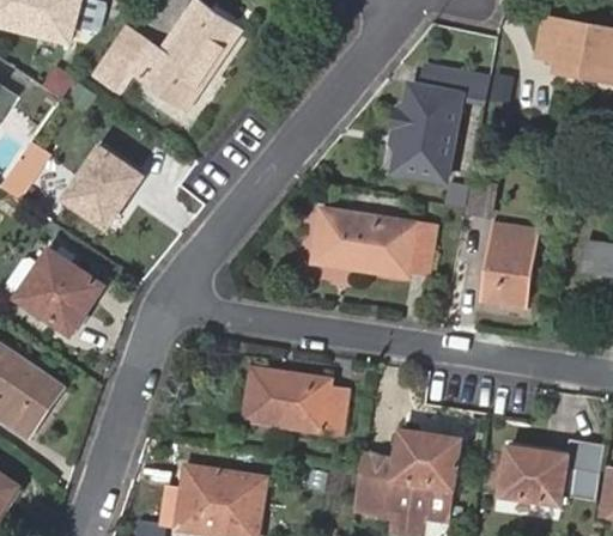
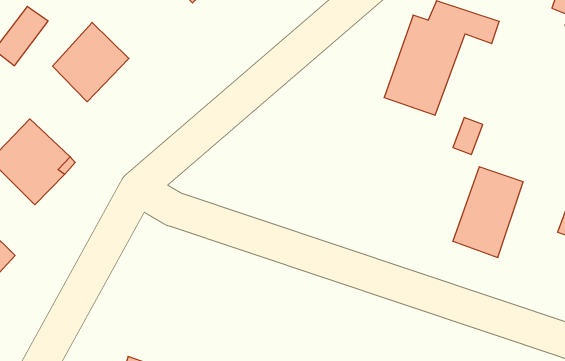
building: [315,211,435,275] -> none
building: [244,366,346,431] -> none

